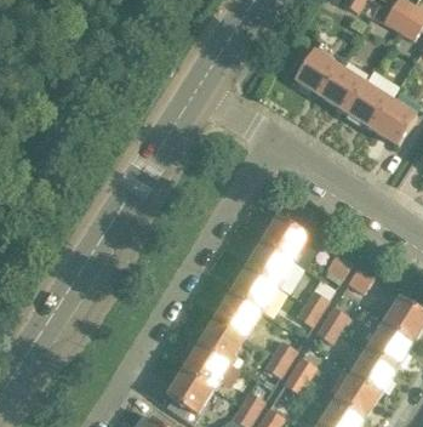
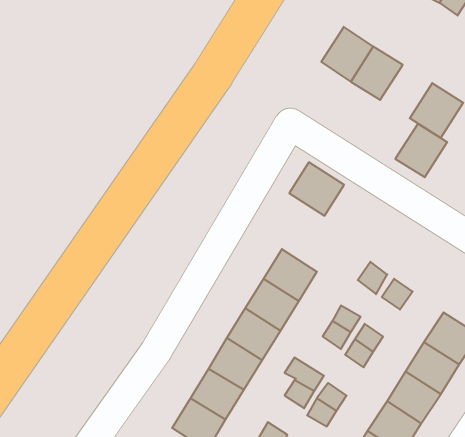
building: [345,81,390,127] -> [395,124,447,177]
building: [261,214,308,260] -> [289,162,344,216]

